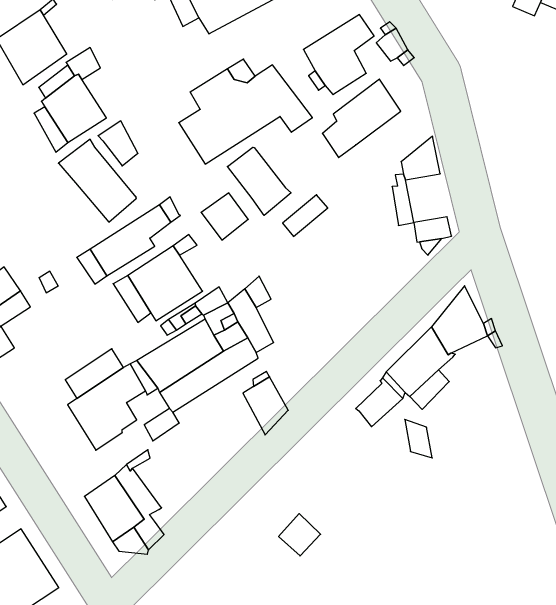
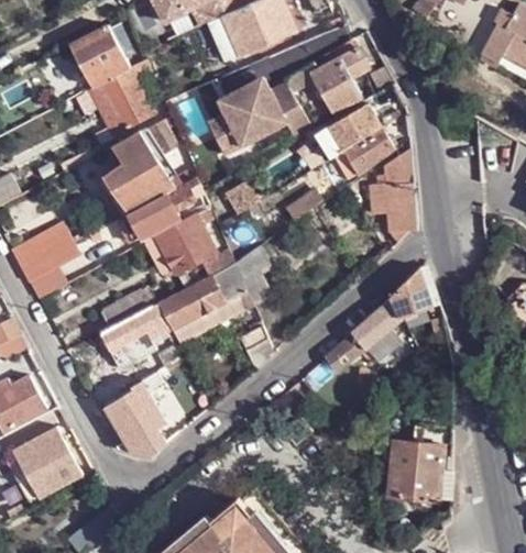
building: none -> [344,128,394,170]
building: [227,147,291,215] -> none
building: none -> [381,179,410,215]
building: none -> [103,161,183,211]
building: none -> [390,441,446,500]

